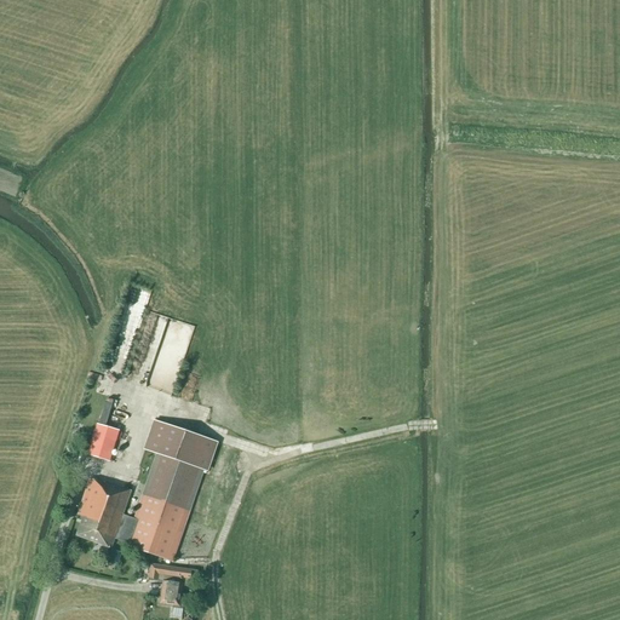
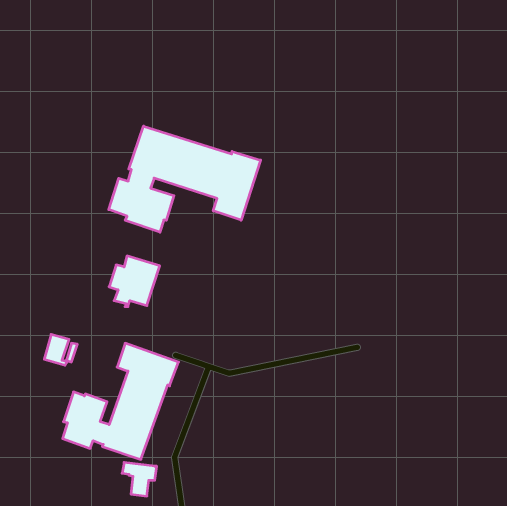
building: none -> [109,126,261,232]
building: [88,424,119,461] -> [44,334,69,365]

